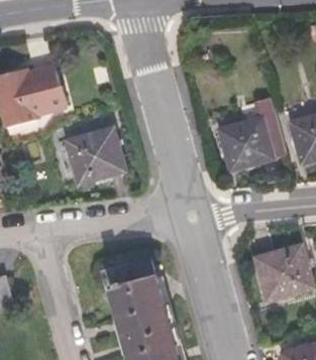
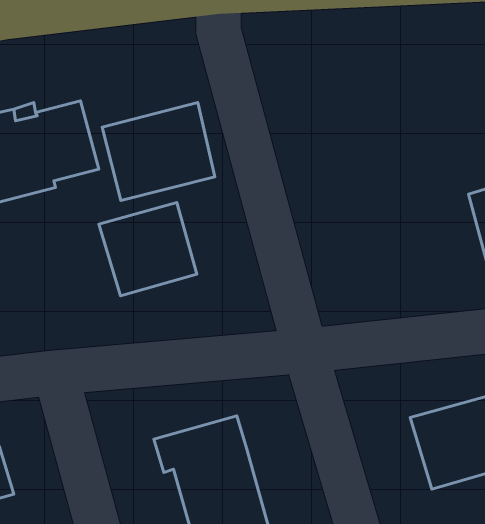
building: none -> [102,103,215,200]
building: [218,99,285,171] -> none

